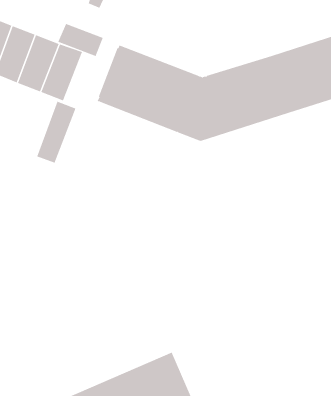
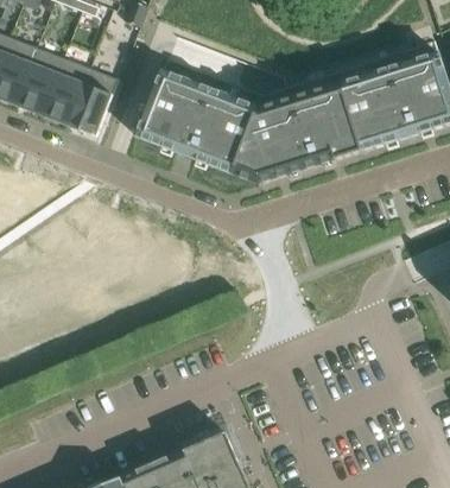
building: [58,23,103,57] -> none
building: [36,101,76,164] -> none

